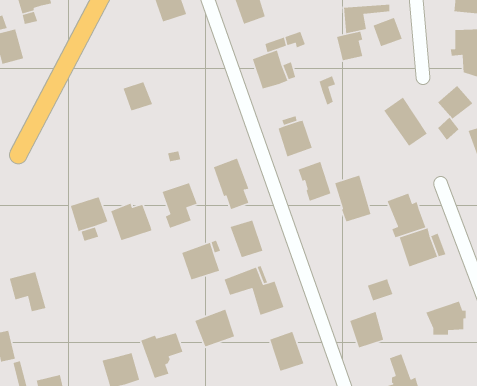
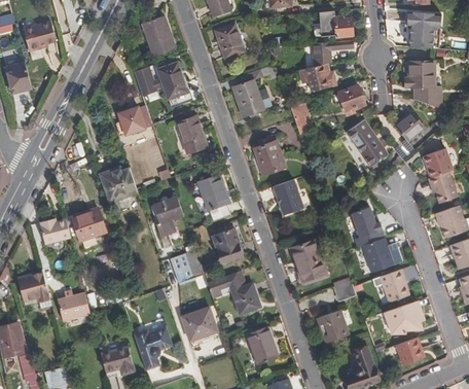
building: [372,17,403,47] -> [338,85,365,112]
building: none -> [134,63,188,100]
building: none -> [176,116,207,153]
building: [334,175,372,223] -> [293,241,326,283]
building: [110,203,152,241] -> [100,168,137,202]
building: none -> [39,219,71,244]
building: none -> [378,267,407,300]
building: none -> [57,292,91,321]
building: none -> [394,335,422,363]

